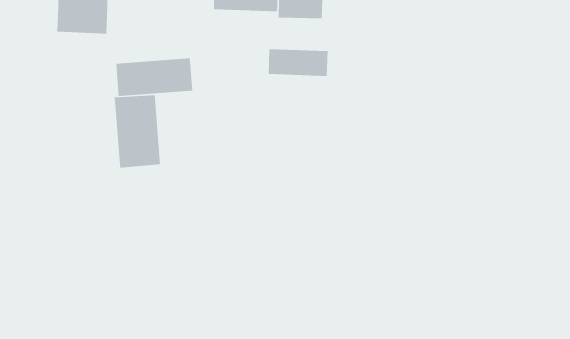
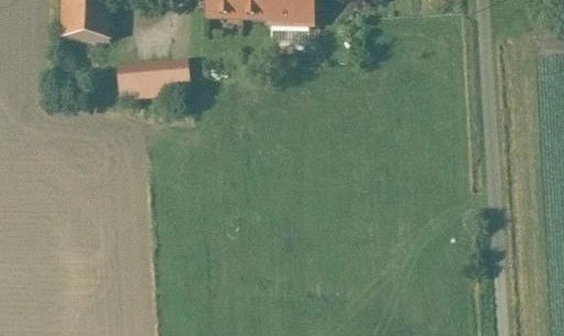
building: [268,48,328,77] -> none
building: [114,94,161,169] -> none

